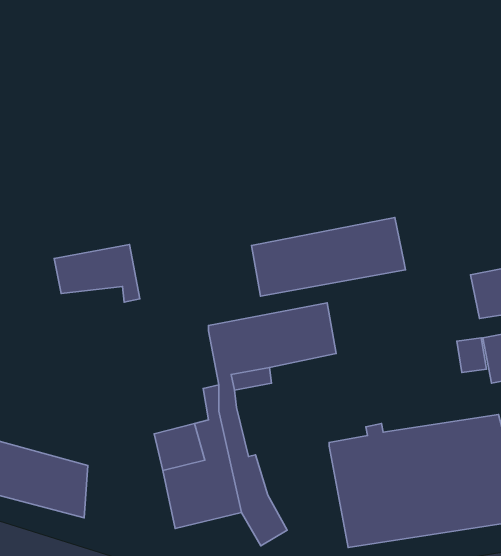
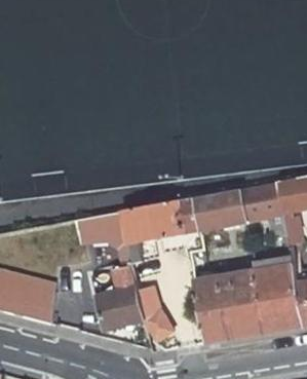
building: [252,217,405,296] -> [193,181,283,227]
building: [54,245,140,302] -> [79,214,129,248]

